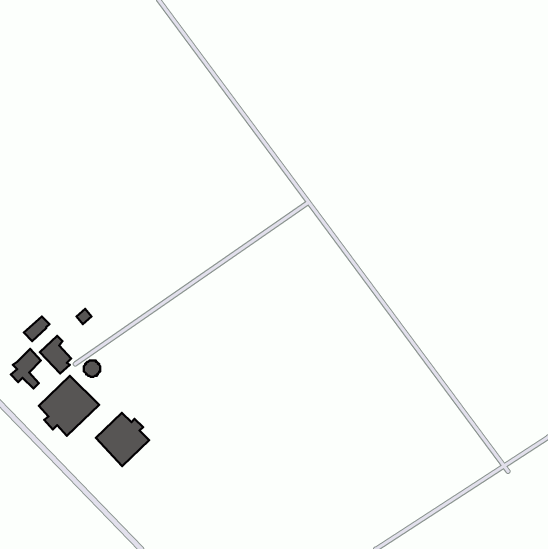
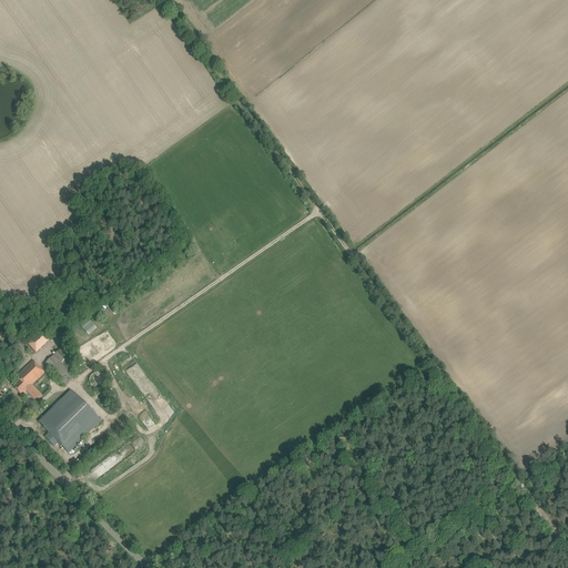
building: [96,413,149,466] -> none

